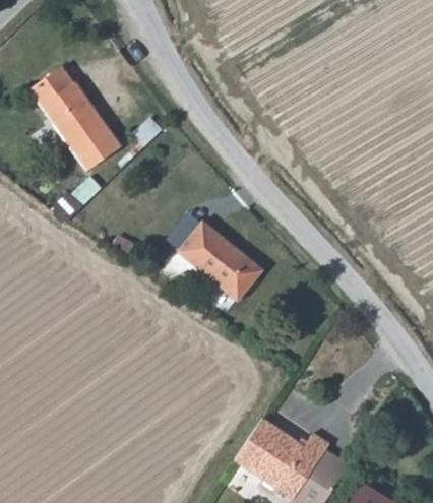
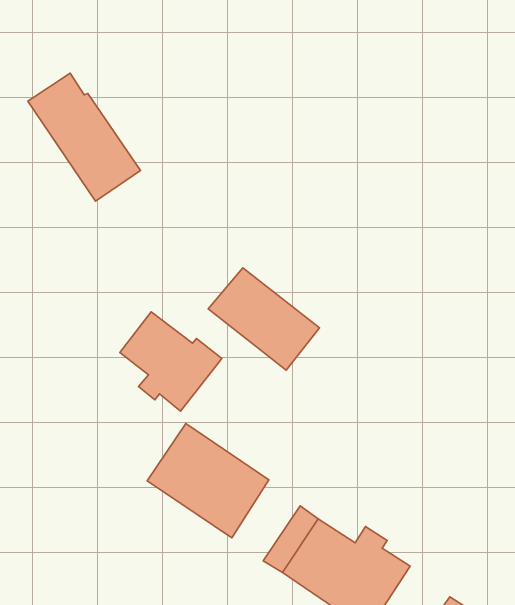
building: none -> [120,312,222,411]
building: none -> [147,423,269,538]

